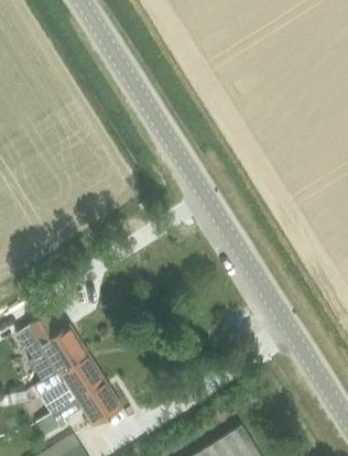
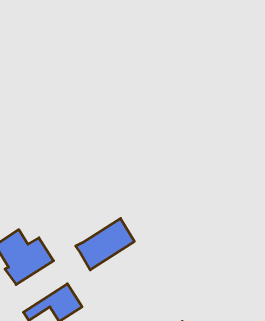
building: [32,354,102,415] -> [76,218,134,270]

